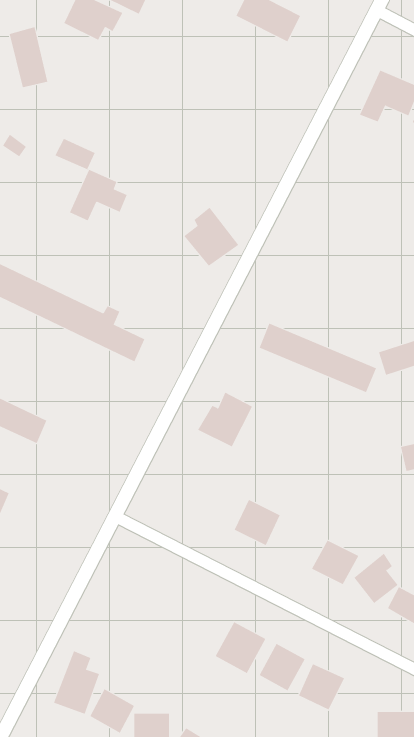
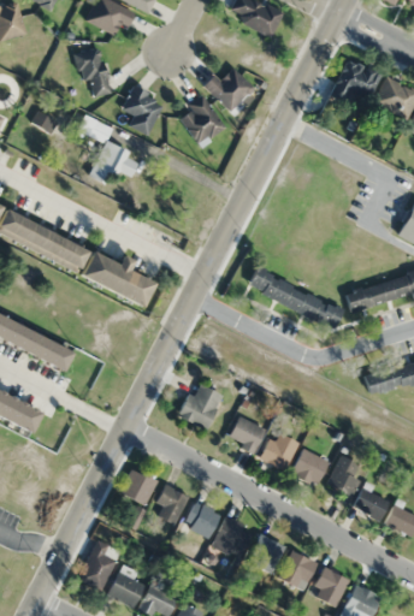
building: [9,27,48,88] -> [78,48,111,99]
building: none -> [202,69,254,112]
building: none -> [120,87,165,135]
building: [184,207,239,267] -> [179,95,225,144]
building: [197,392,253,447] -> [177,384,223,430]
building: none -> [260,431,298,470]
building: none -> [122,470,156,507]
building: none -> [150,485,189,525]
building: none -> [184,503,219,538]
building: none -> [310,567,348,606]

